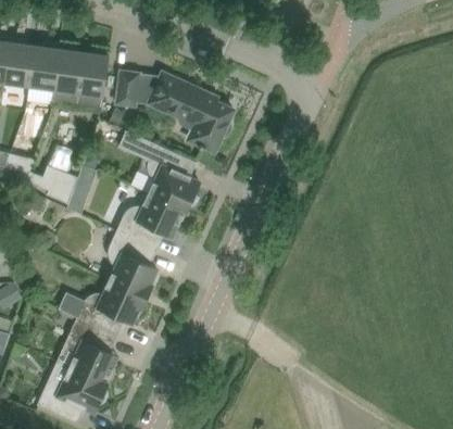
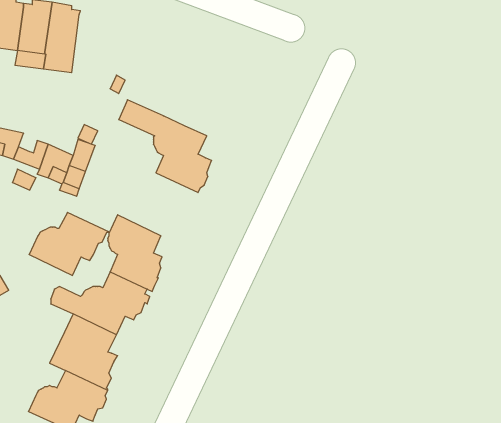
building: [75,49,108,110] -> none
building: [114,72,138,106] -> none
building: [148,73,231,152] -> none
building: [115,194,186,250] -> [29,212,109,275]

